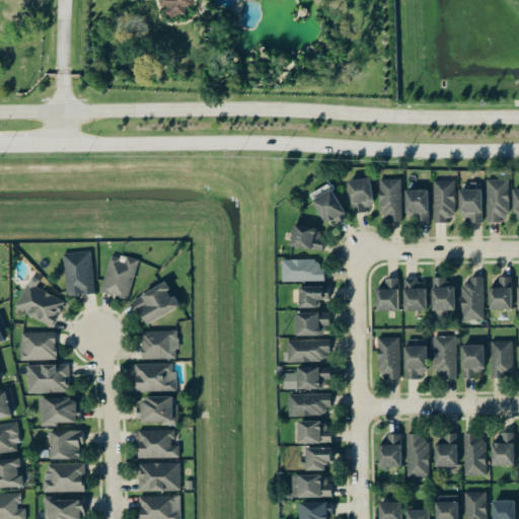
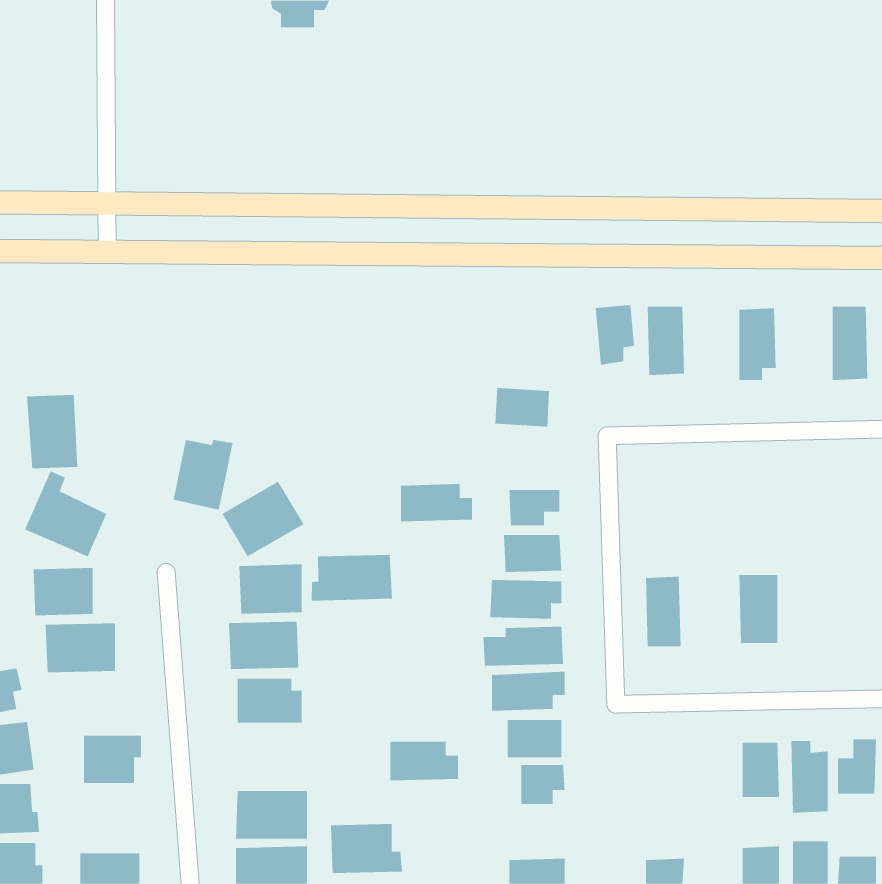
building: [311,190,346,226] -> none
building: [404,190,428,220] -> none
building: [458,190,483,223] -> none
building: [63,252,93,296] -> [26,395,78,469]
building: [282,260,324,282] -> [400,484,473,522]
building: [489,277,512,310] -> none
building: [432,278,455,311] -> none
building: [461,279,484,319] -> none
building: [376,280,398,311] -> none
building: [403,280,426,311] -> none
building: none -> [311,554,392,601]
building: [404,340,427,378] -> none
building: [490,341,512,378] -> none
building: [460,345,484,379] -> none
building: [40,398,75,425] -> none
building: [137,430,179,459] -> [330,823,403,874]
building: [378,435,401,468] -> none
building: [406,435,429,476] -> none
building: [45,463,84,493] -> none
building: [292,475,332,499] -> [390,741,459,781]

